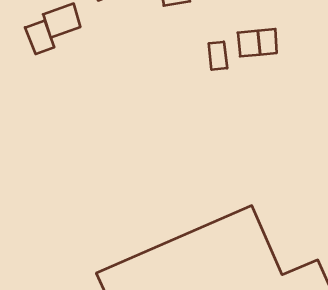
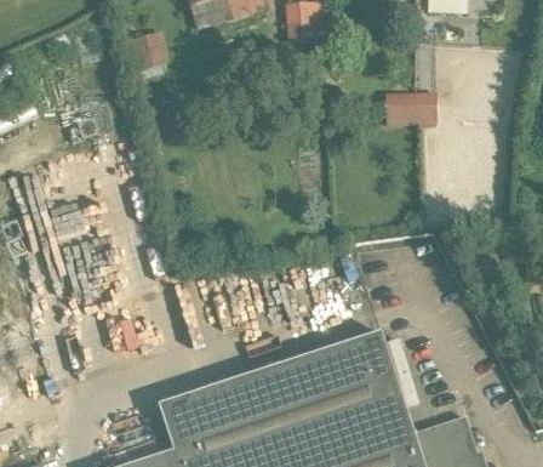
building: [25,21,54,54] -> none
building: [209,42,227,70] -> none

